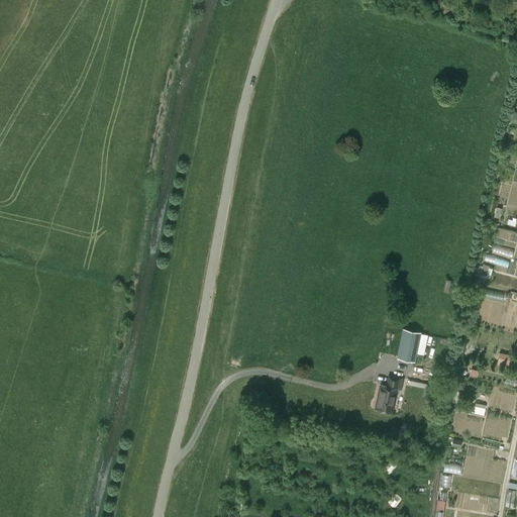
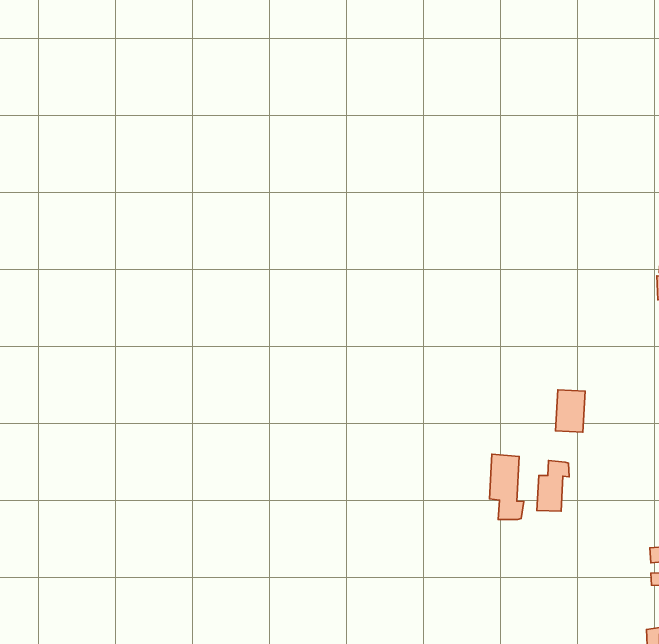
building: none -> [489,454,524,519]

